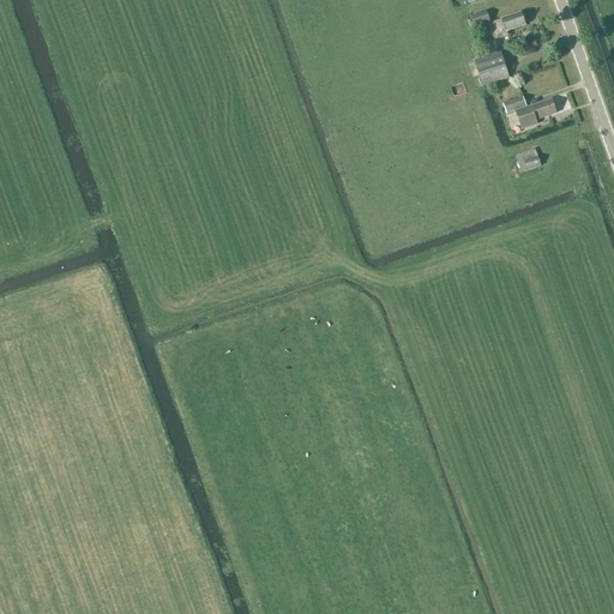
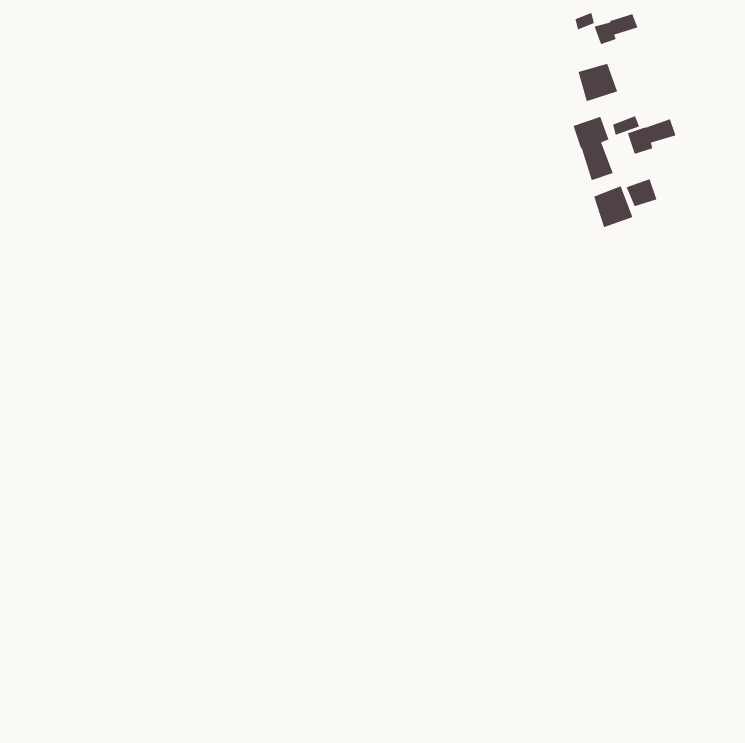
building: none -> [573,116,614,181]
building: none -> [593,185,634,228]

